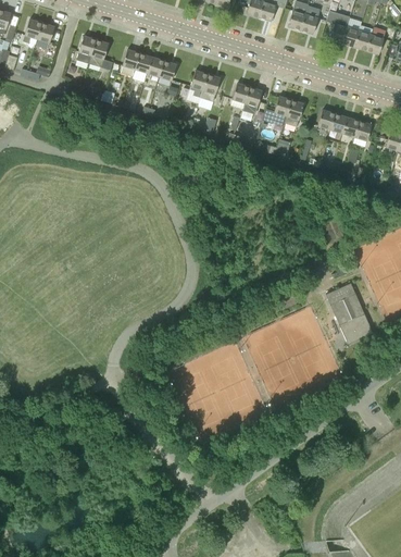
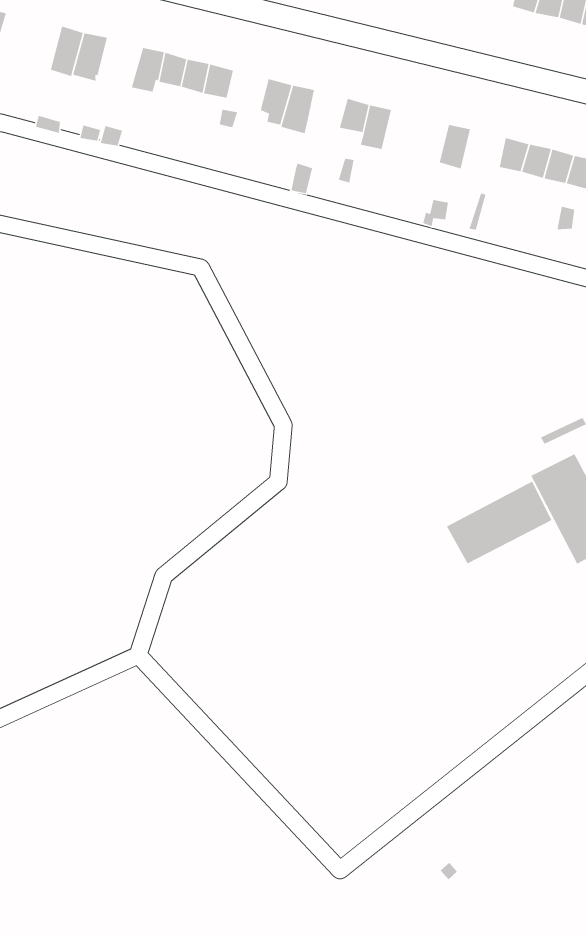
building: [263,96,292,126] -> none
building: none -> [446,481,553,565]

